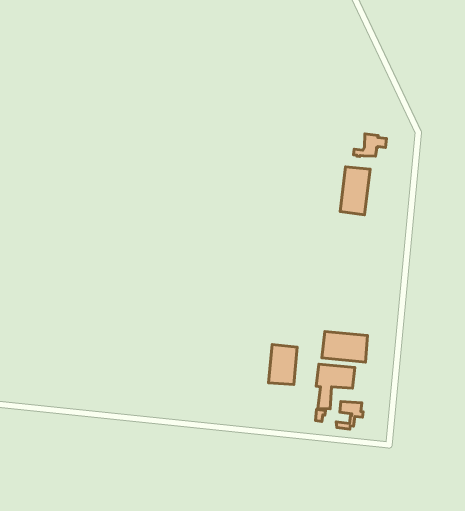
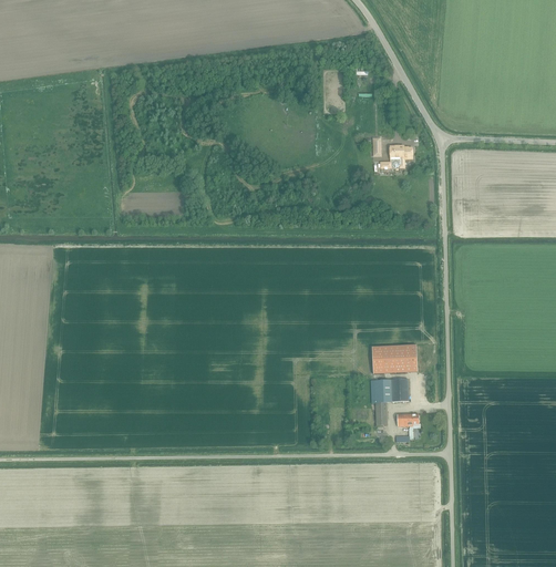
building: [340,167,370,215] -> none
building: [269,344,297,384] -> none

